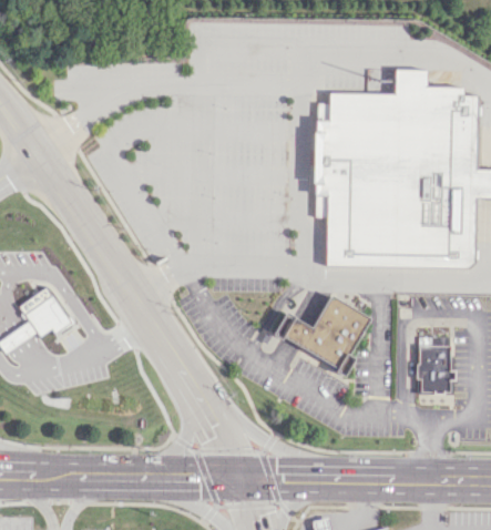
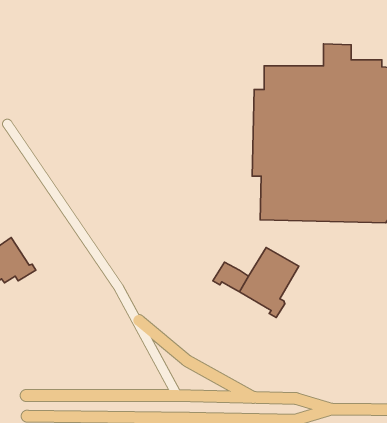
building: [416,336,452,393] -> none

